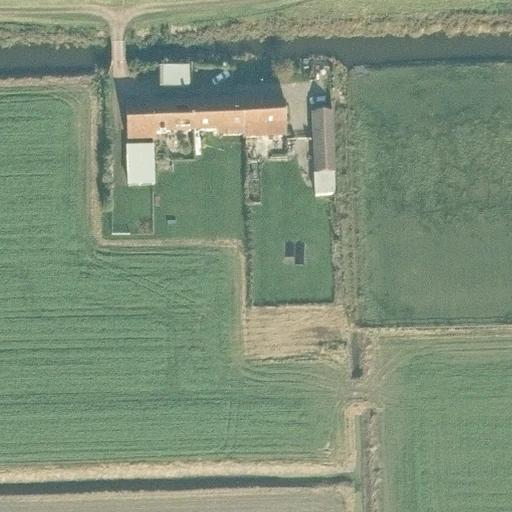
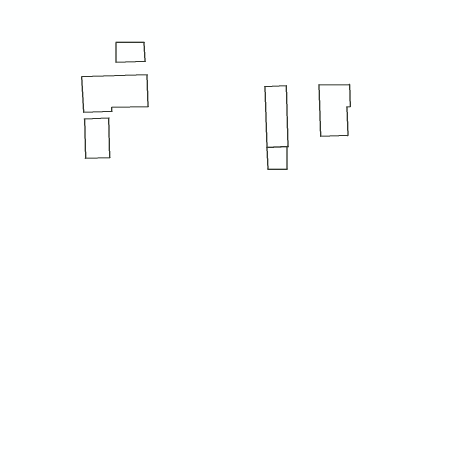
building: [192,97,285,136] -> none
building: none -> [319,84,350,136]

